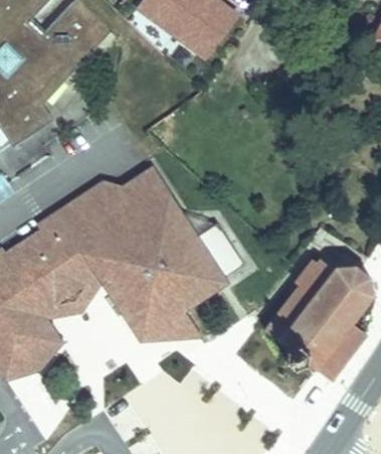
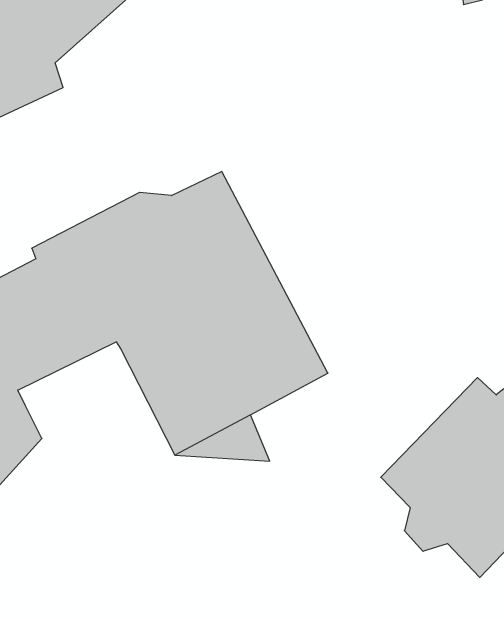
building: [41,269,100,311] -> none

